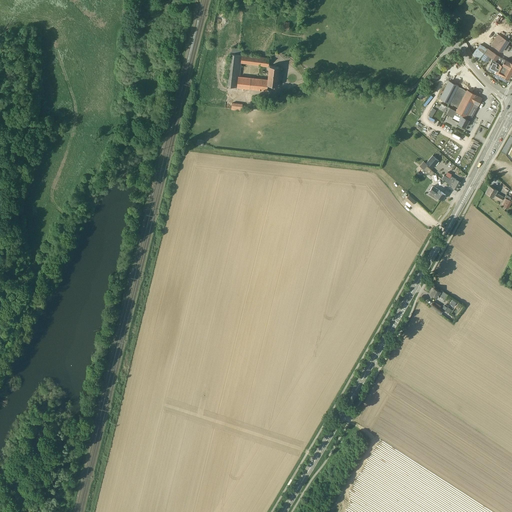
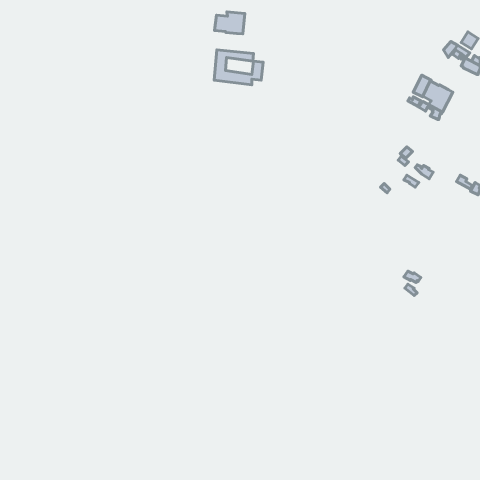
building: none -> [215,12,245,34]

